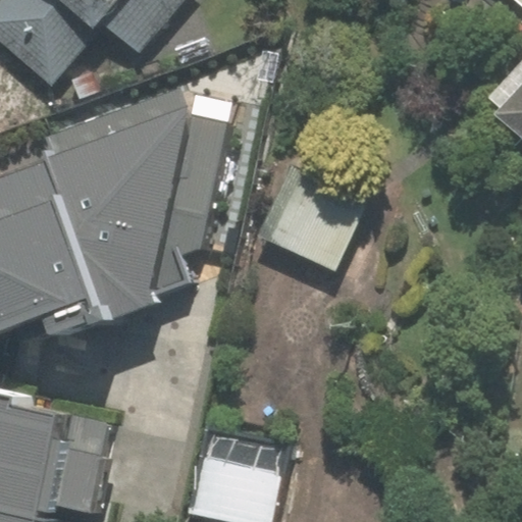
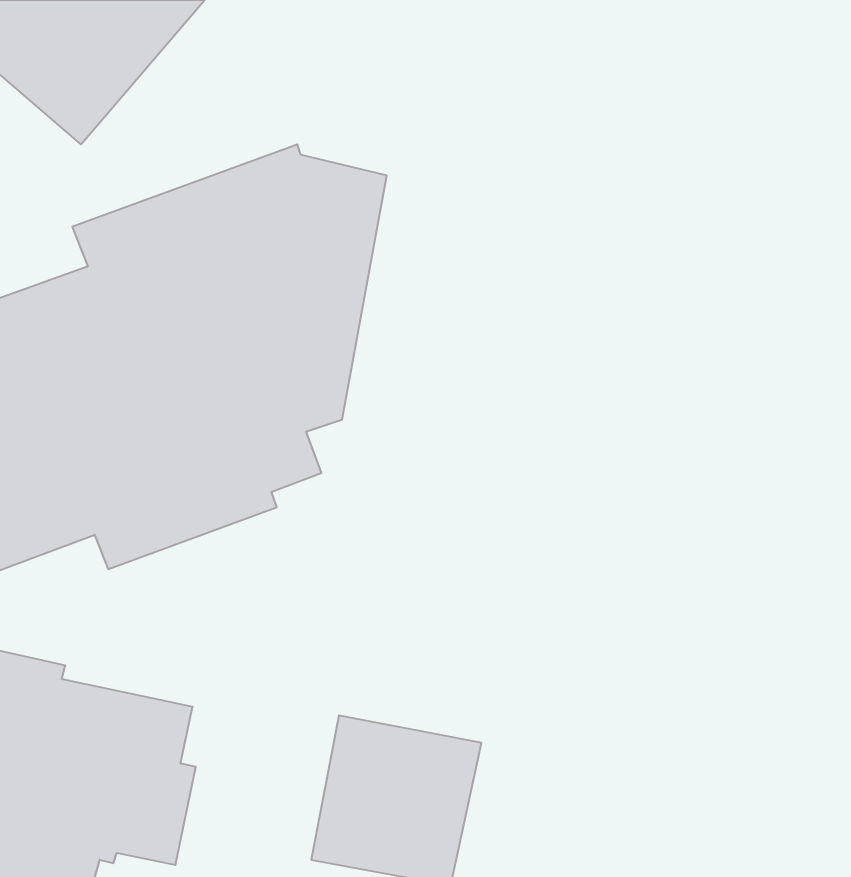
building: [261,167,364,272] -> none

